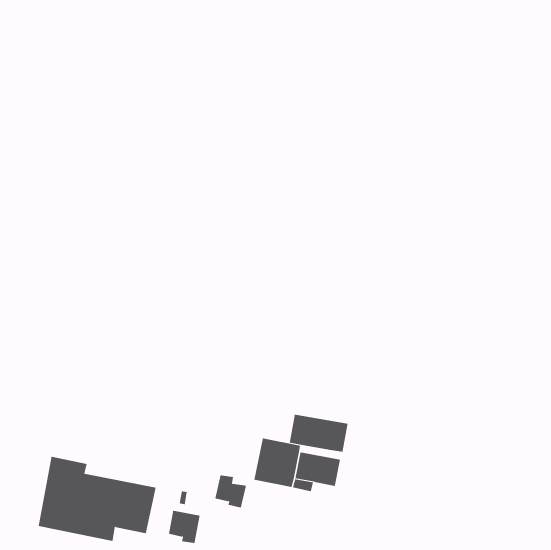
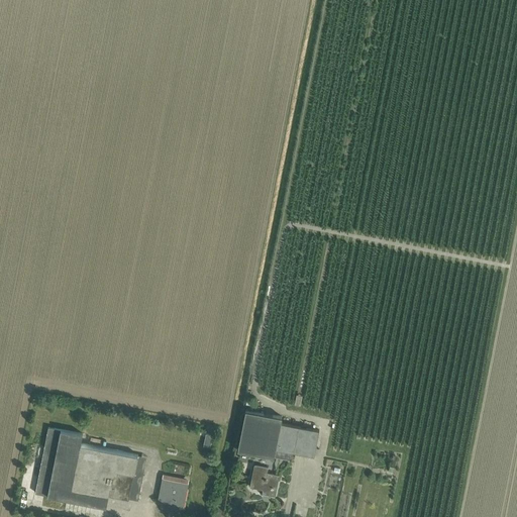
building: [289,414,348,453] -> none
building: [214,475,247,508] -> [249,466,280,497]

